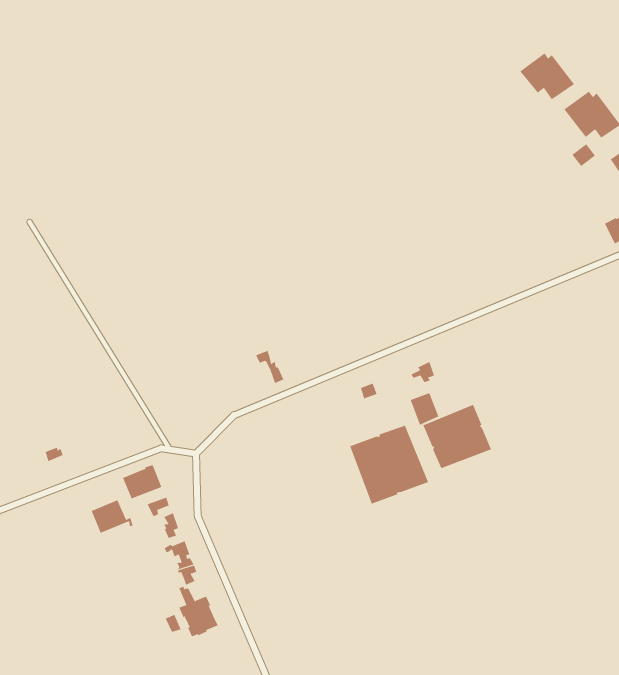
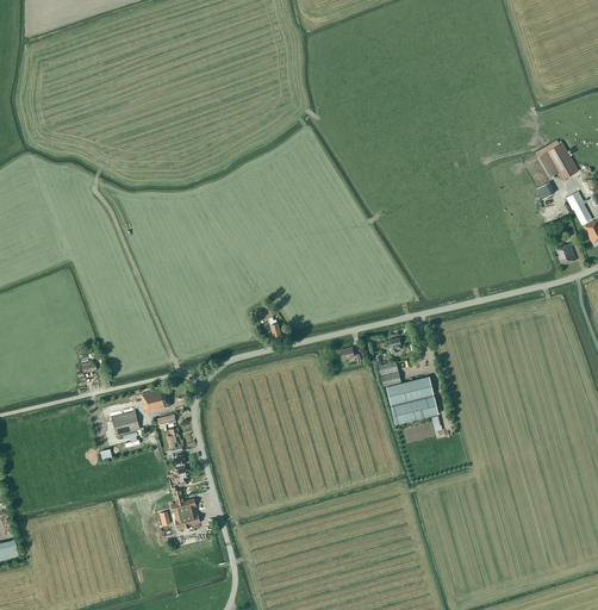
building: [520,52,575,100] -> none
building: [349,425,429,504] -> none

